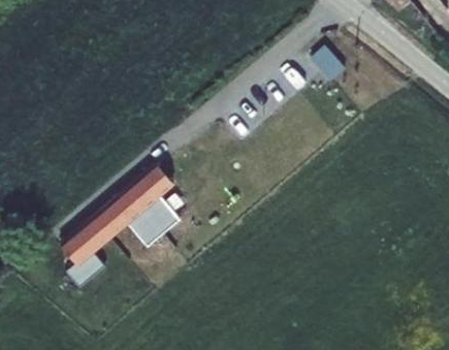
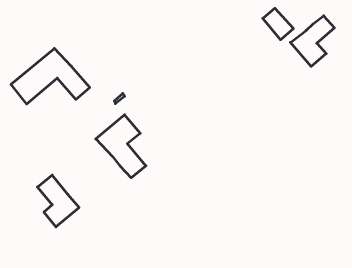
building: none -> [290,16,334,66]
building: [78,190,166,252] -> [11,48,90,104]

